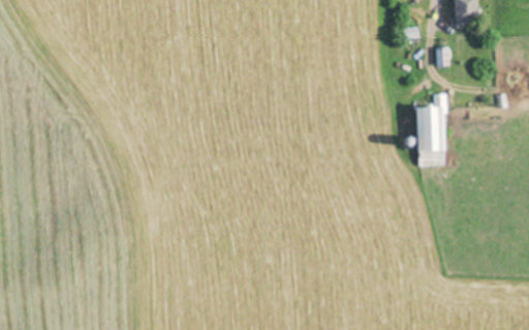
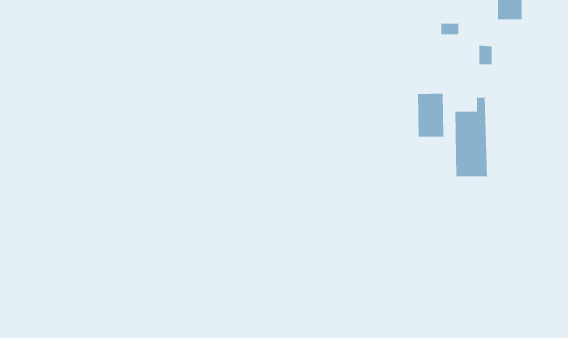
building: none -> [417,93,444,138]

